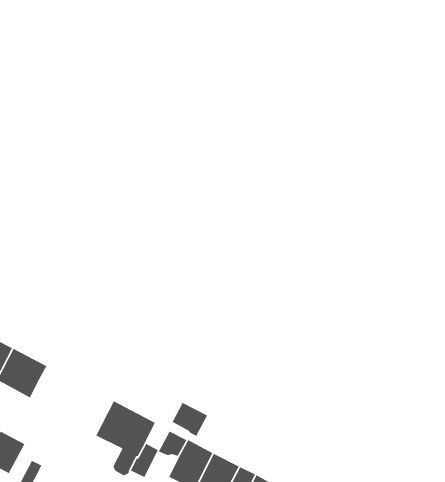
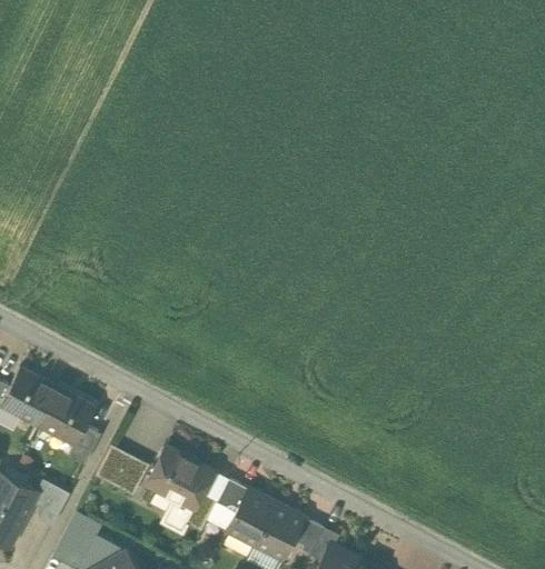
building: none -> [67,426,100,466]
building: none -> [93,445,148,496]
building: [172,402,208,437] -> none

